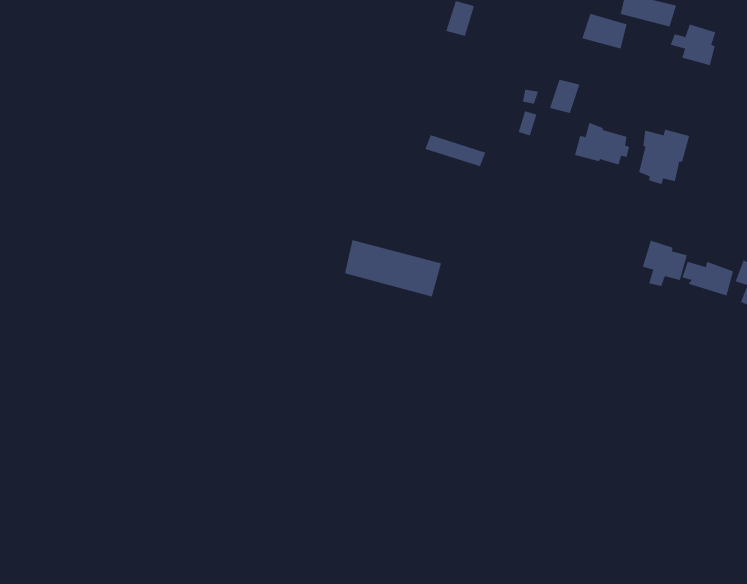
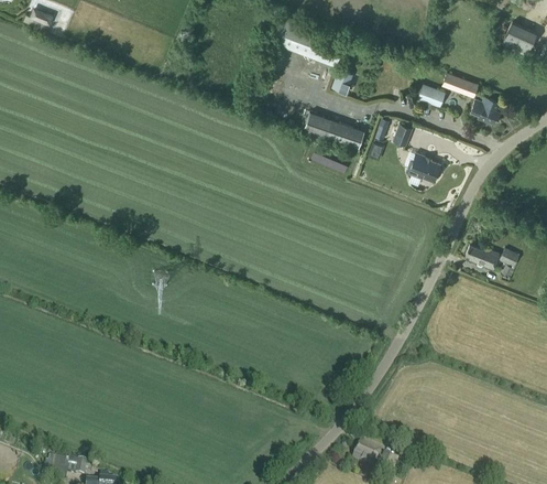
building: [639,129,690,185] -> none
building: [344,239,442,297] -> [304,110,365,151]
building: [642,240,687,287] -> none

